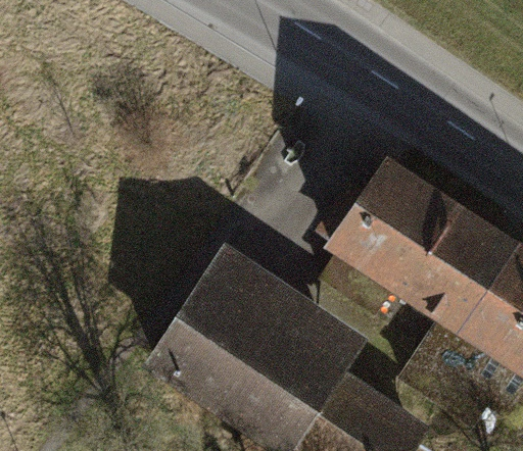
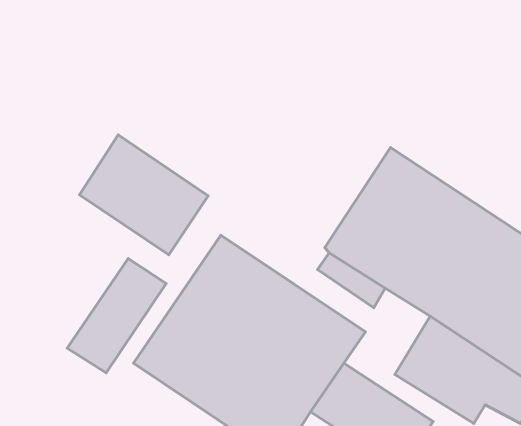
building: none -> [79,135,208,255]
building: none -> [67,258,166,373]

